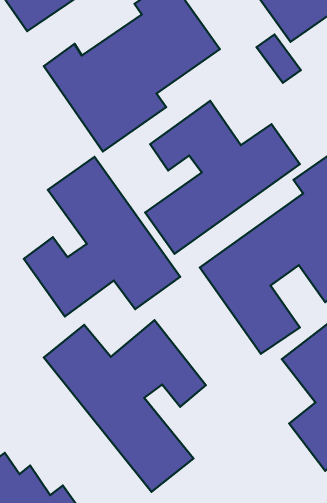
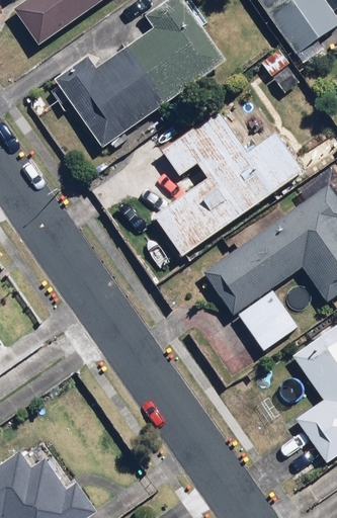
building: [24,157,180,317] -> none
building: [44,320,206,492] -> none

